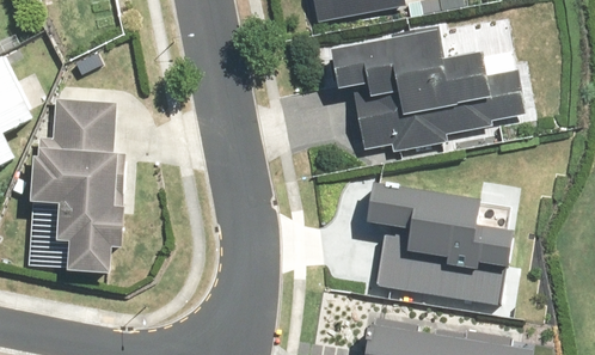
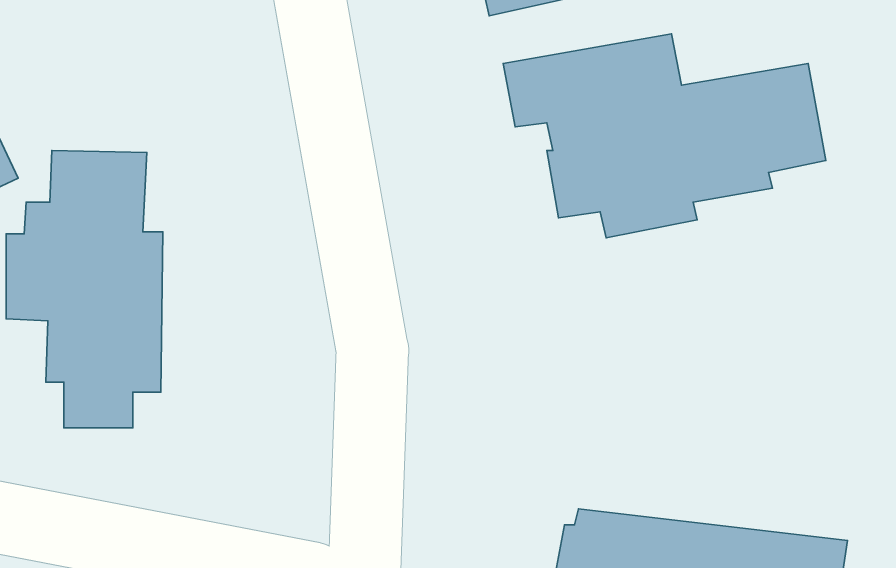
building: [358,184,511,301] -> none

